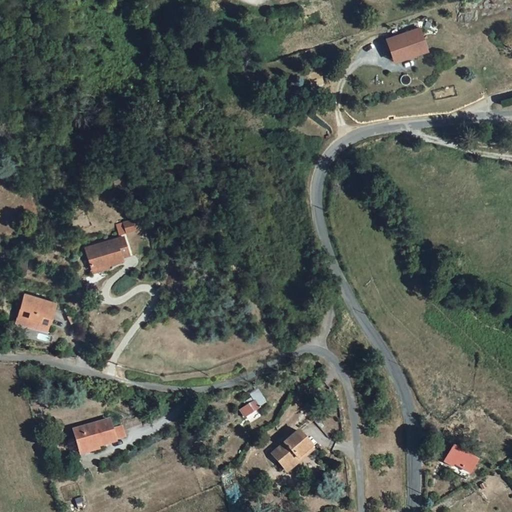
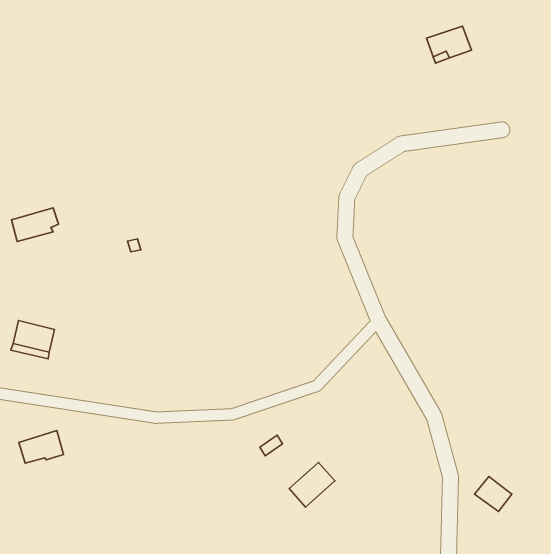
building: [84,239,127,270] -> [12,208,58,242]
building: [72,417,113,447] -> [19,430,64,463]

